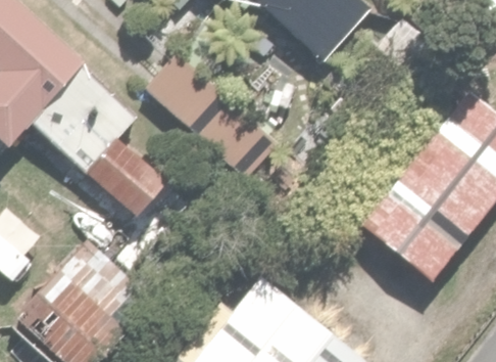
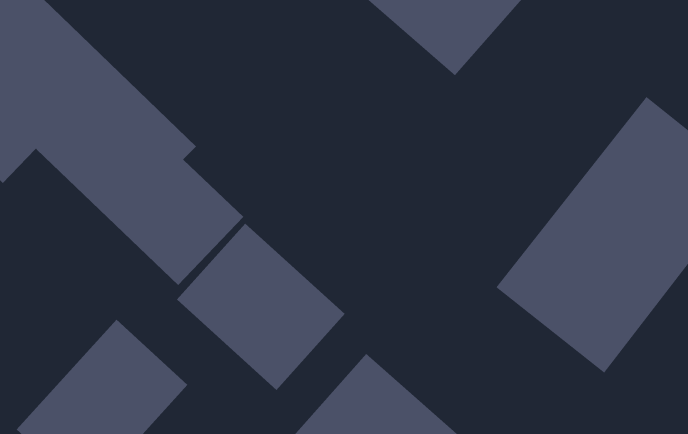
building: none -> [176,223,346,391]

